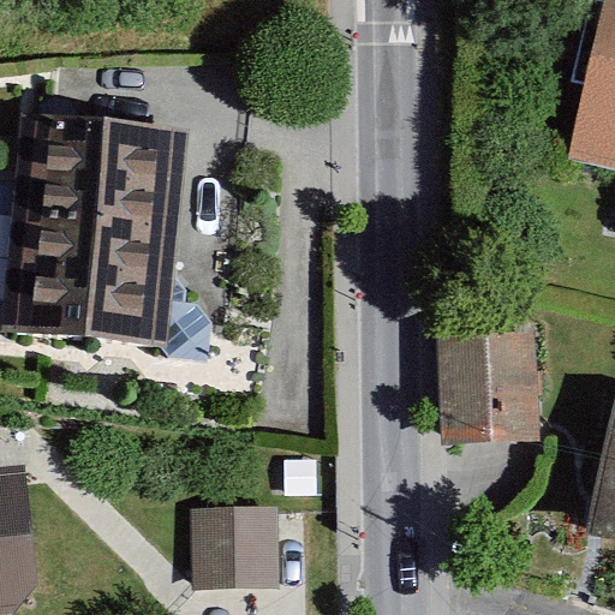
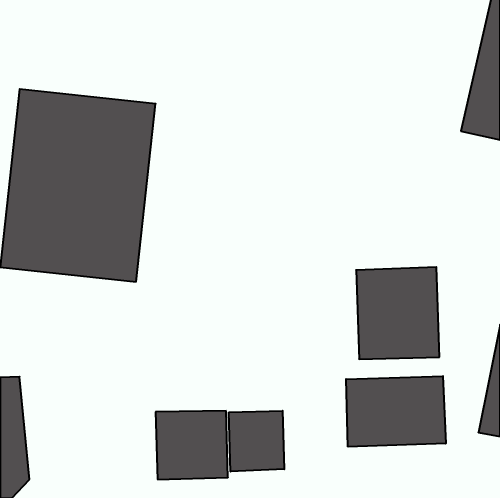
building: none -> [346,376,446,447]
building: none -> [229,411,284,472]

